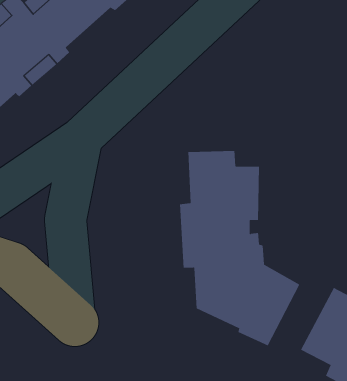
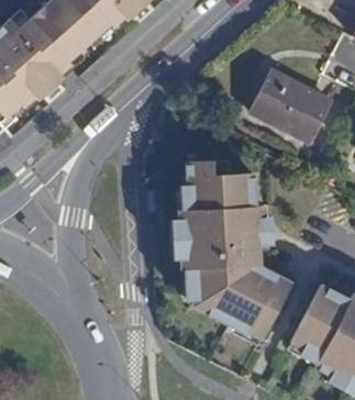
building: none -> [246,67,321,133]

